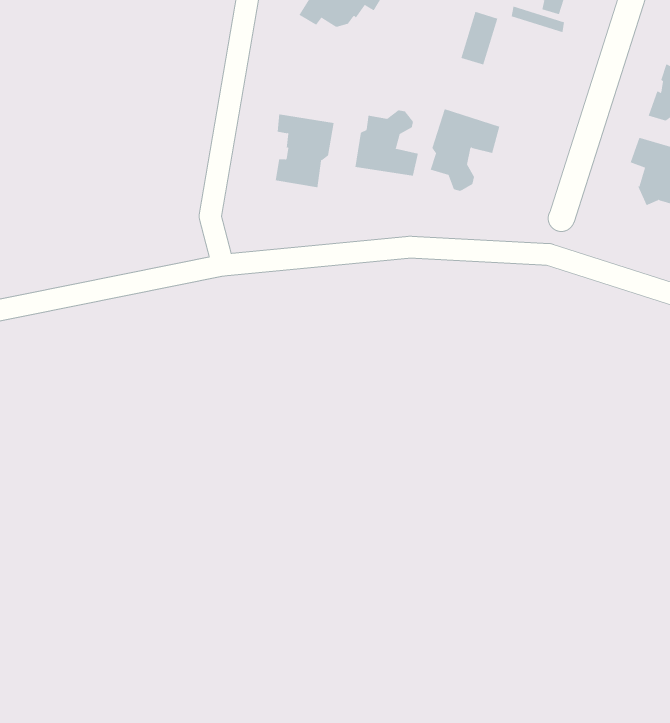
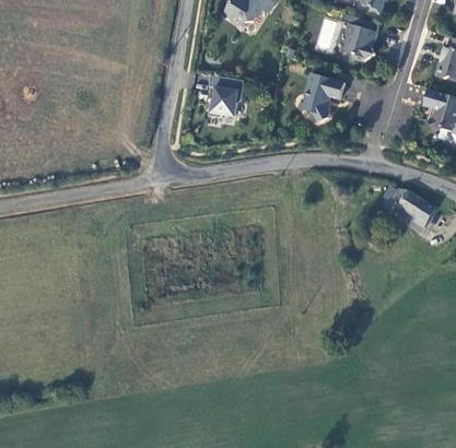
building: none -> [343,23,377,61]
building: [355,109,418,177] -> none
building: none -> [393,189,435,223]

